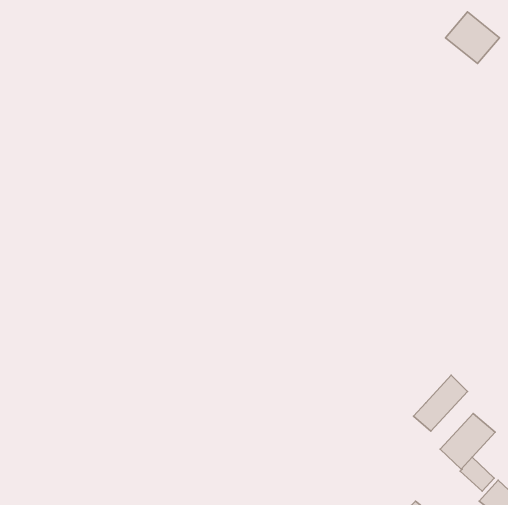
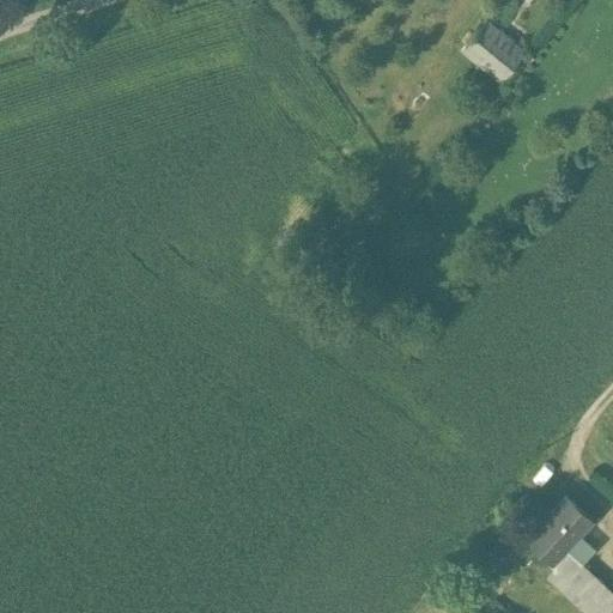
building: [446,12,499,64] -> [462,23,527,85]
building: [414,375,468,431] -> none

